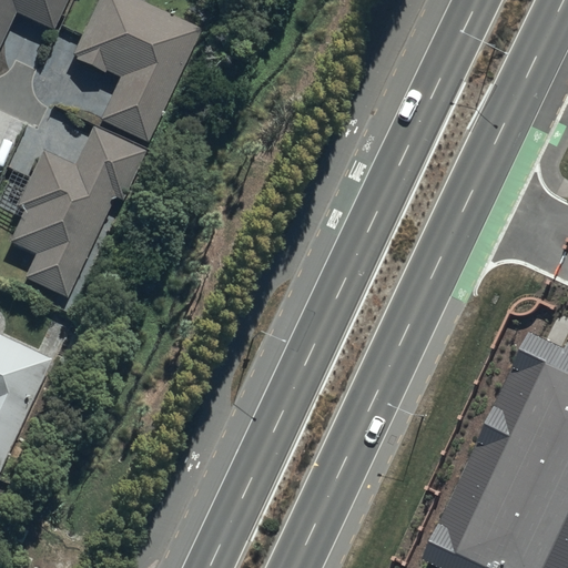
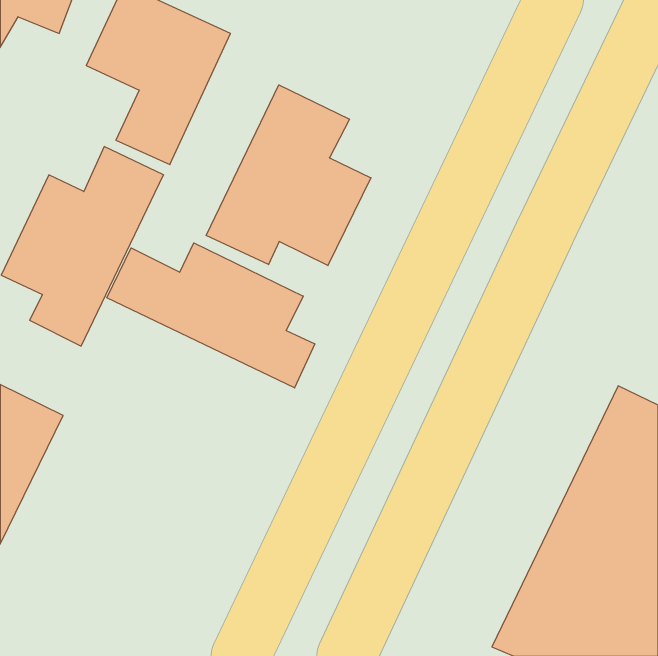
building: none -> [206,85,371,266]
building: none -> [107,243,315,388]

